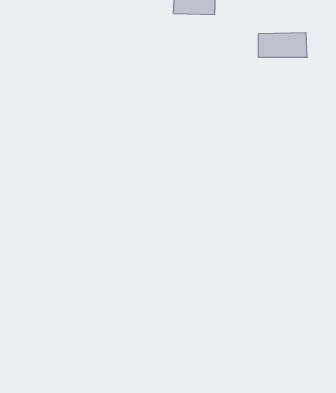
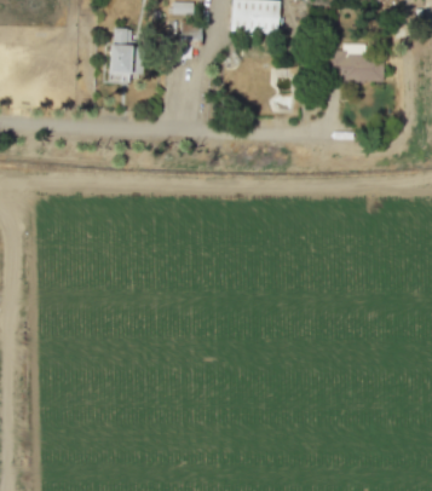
building: none -> [109,44,138,76]

